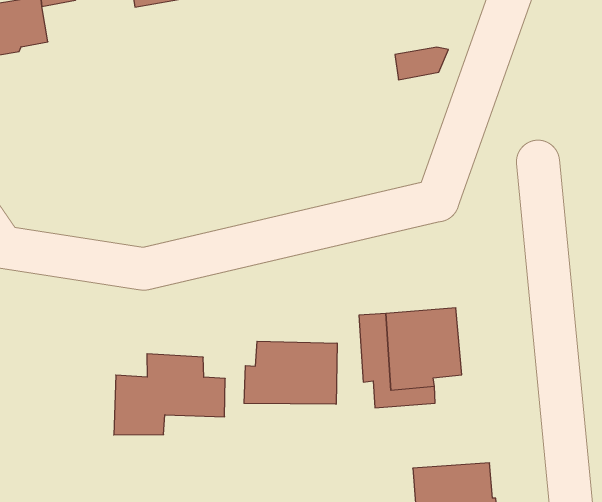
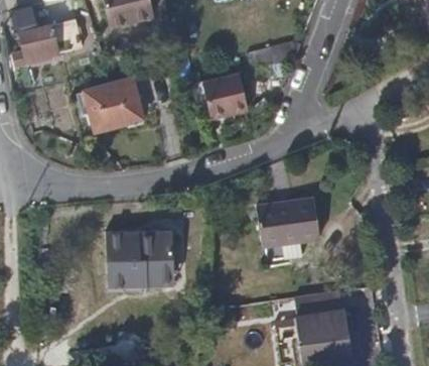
building: none -> [203,69,251,116]
building: none -> [85,81,141,131]
building: [244,341,337,404] -> none

